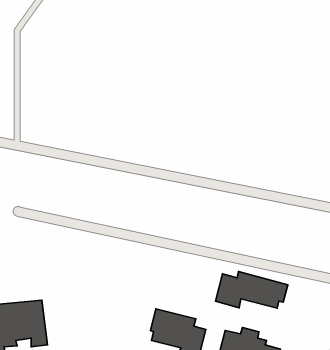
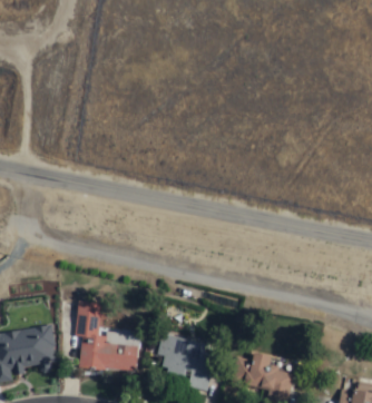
building: [216,271,288,308] -> none
building: none -> [74,302,137,371]

